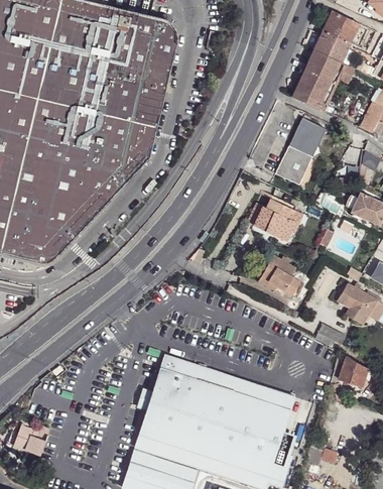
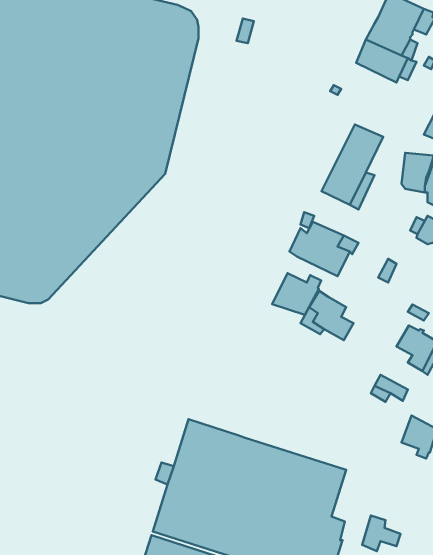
building: [290,68,336,110] -> none
building: none -> [272,273,321,315]
building: [16,427,49,455] -> none

